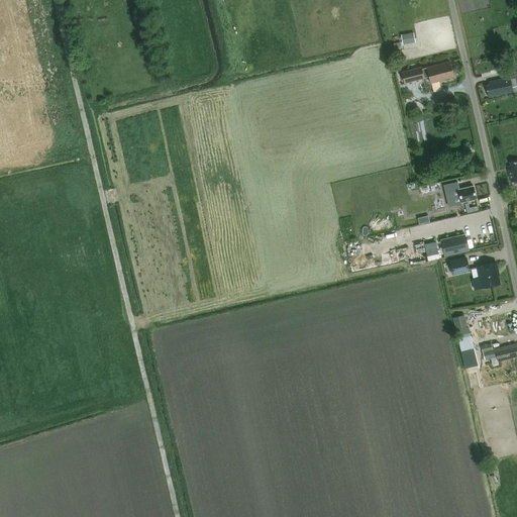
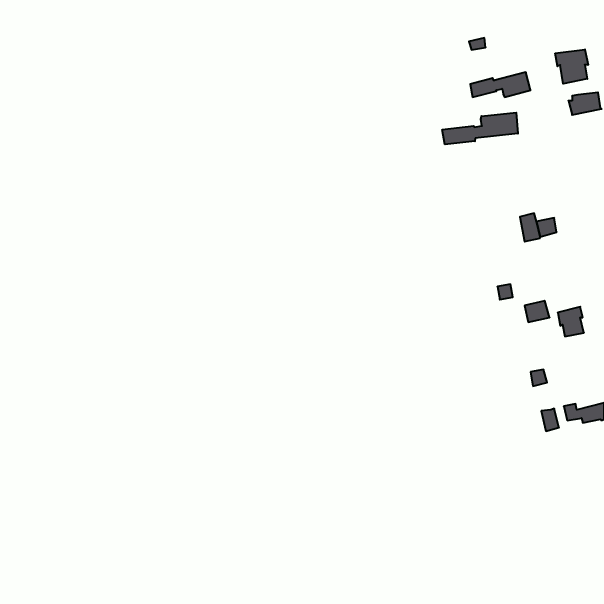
building: none -> [555,49,588,84]
building: none -> [442,113,518,144]
building: [439,234,469,257] -> none

